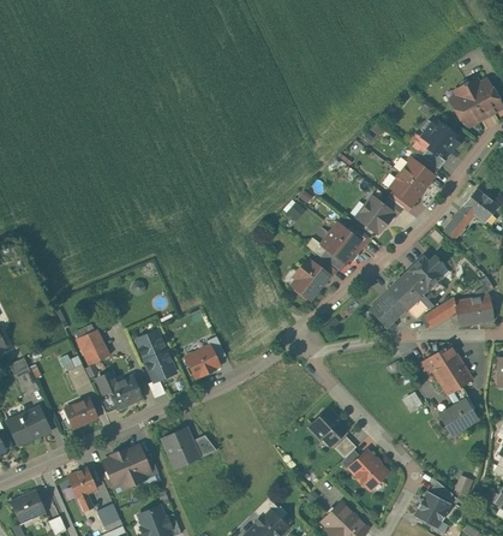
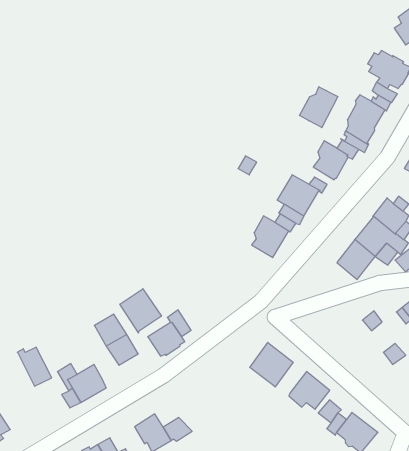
building: none -> [299,87,338,128]
building: none -> [120,289,161,333]
building: [79,330,110,365] -> none
building: none -> [250,342,293,387]
building: [65,399,96,428] -> none

